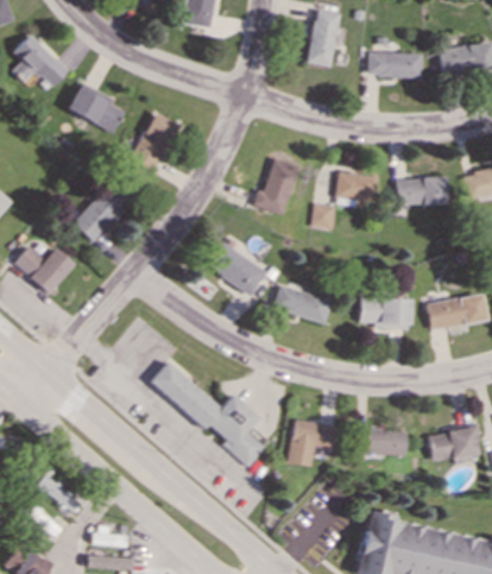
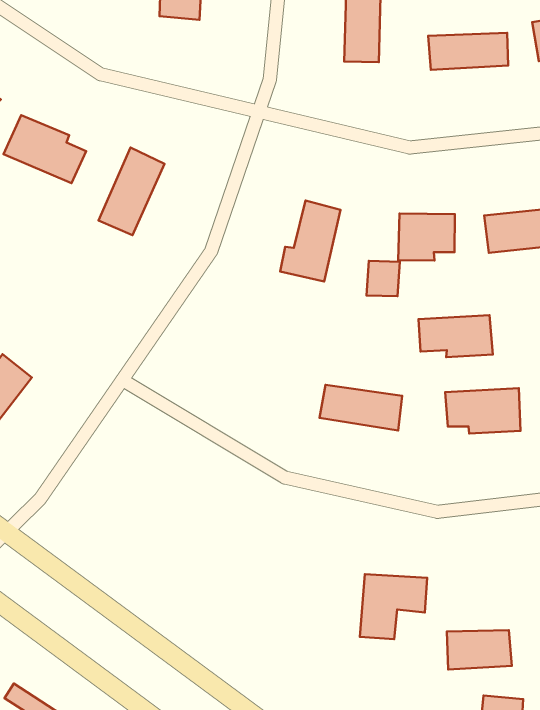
building: [72,182,131,242] -> none
building: [206,242,266,295] -> none
building: none -> [419,315,493,357]
building: [150,362,264,466] -> none
building: [361,428,405,455] -> [447,630,512,669]

